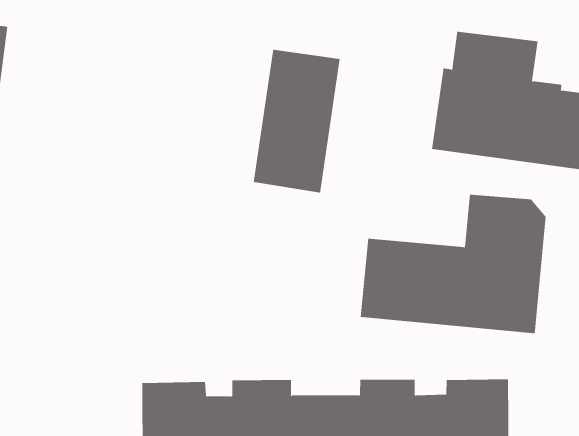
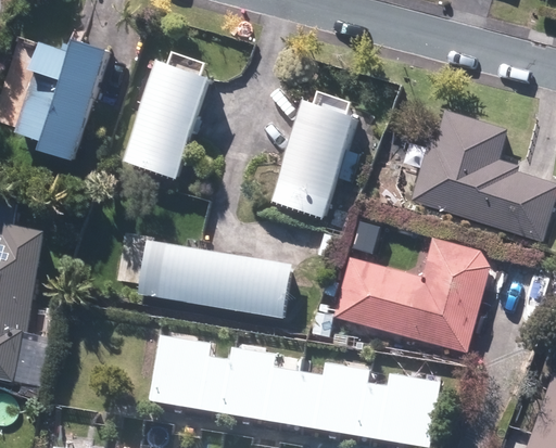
building: none -> [125,63,208,178]
building: none -> [138,240,290,318]

